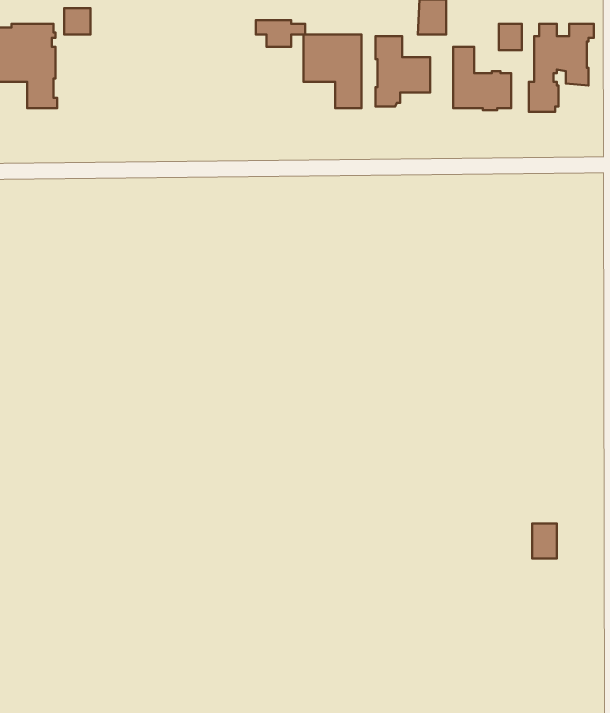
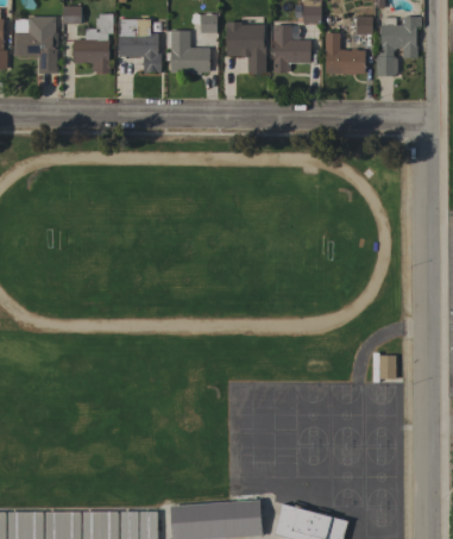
building: none -> [73,13,112,74]
building: none -> [119,19,161,73]
building: none -> [170,31,209,74]

